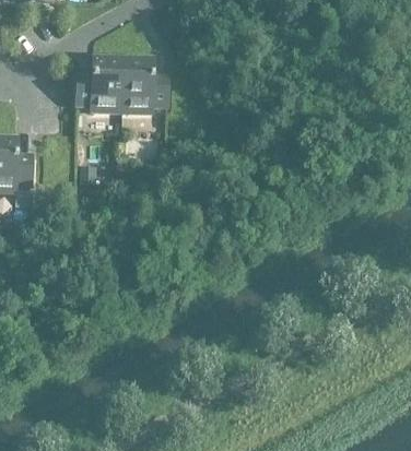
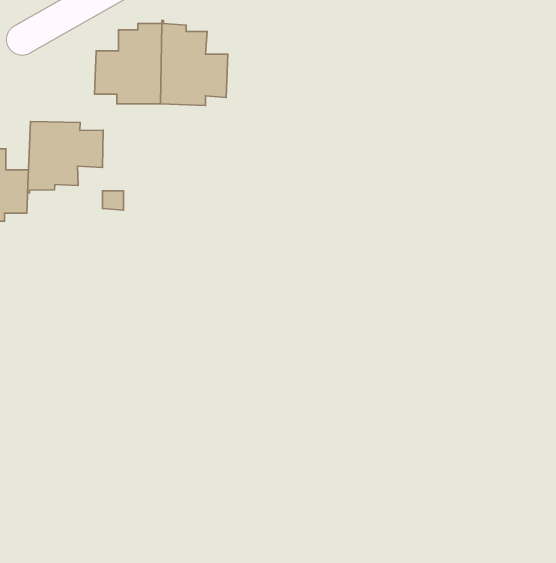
building: none -> [28,122,103,193]

